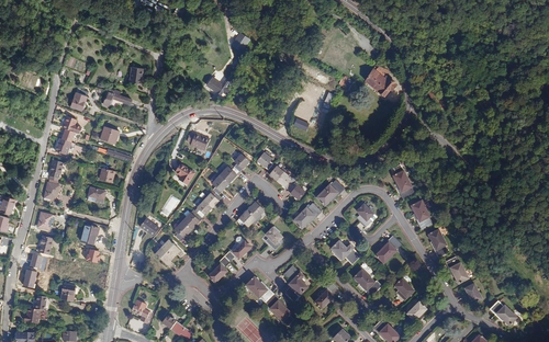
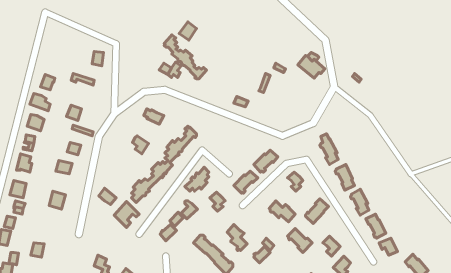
building: [258,149,306,200] -> [164,35,206,79]

